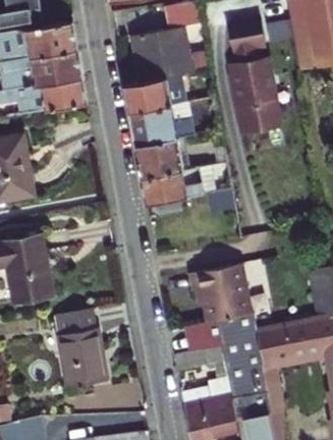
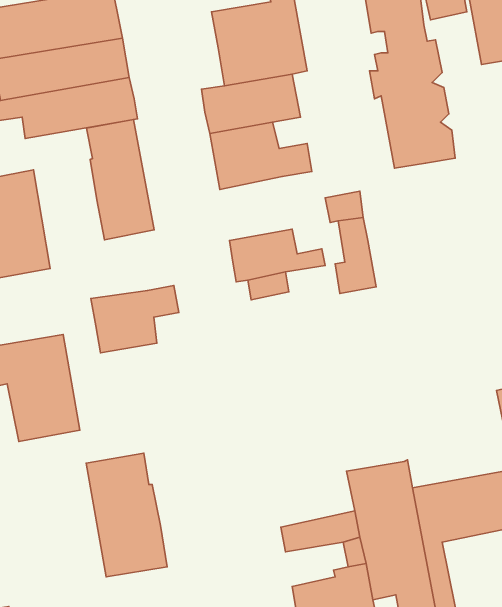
building: none -> [87,119,154,240]
building: [137,139,182,178] -> none
building: none -> [91,285,179,353]
building: [189,265,252,324] -> none

